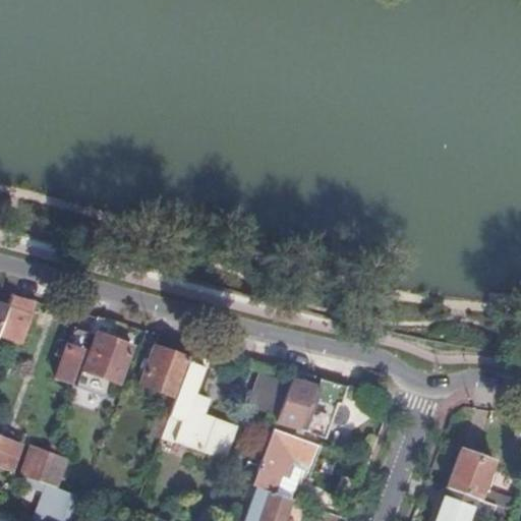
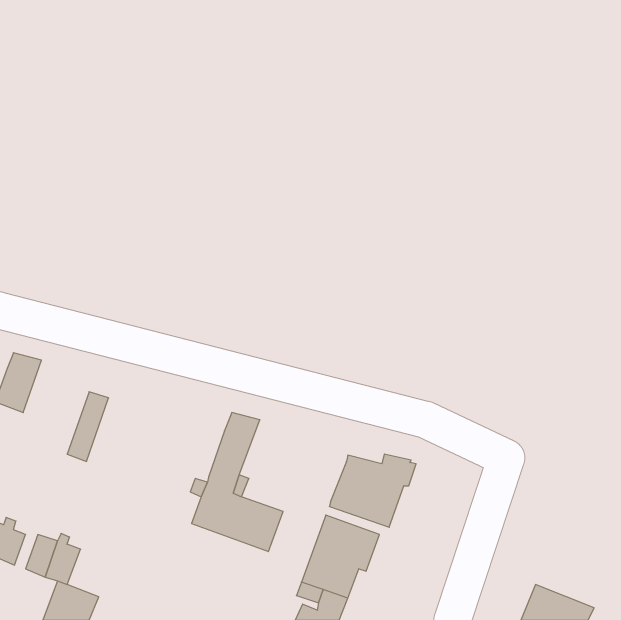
building: [82,317,131,383] -> none
building: [139,347,187,398] -> none
building: [247,374,289,418] -> none
building: [447,449,513,511] -> none

